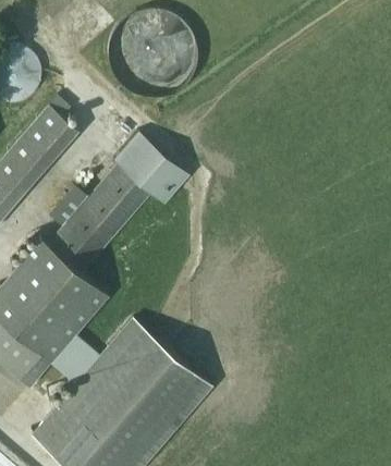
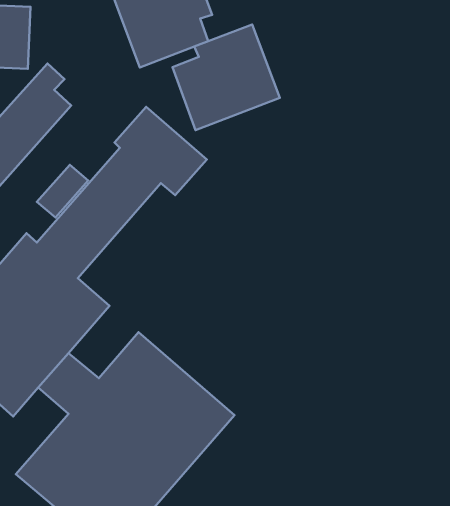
building: none -> [172,25,280,130]

